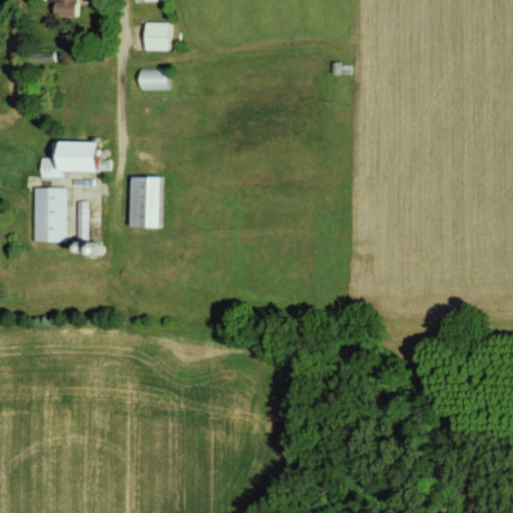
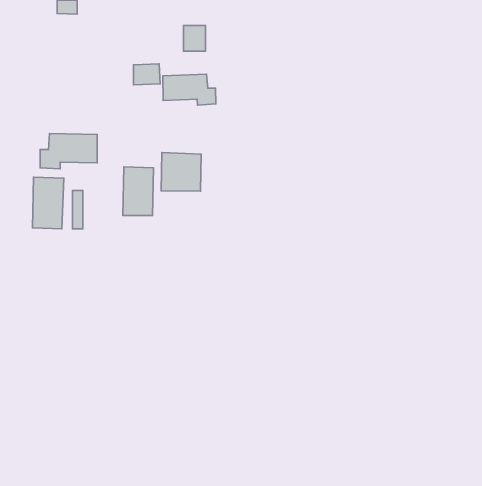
building: [147,22,170,49] -> [184,26,206,51]
building: none -> [163,74,216,105]
building: none -> [161,153,201,191]

